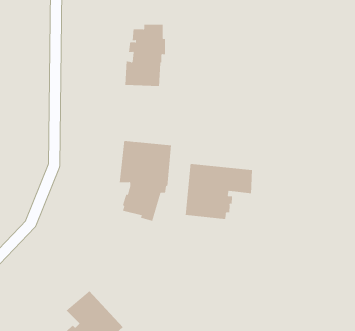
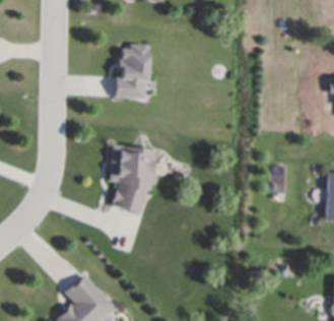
building: [185,163,252,220] -> none

